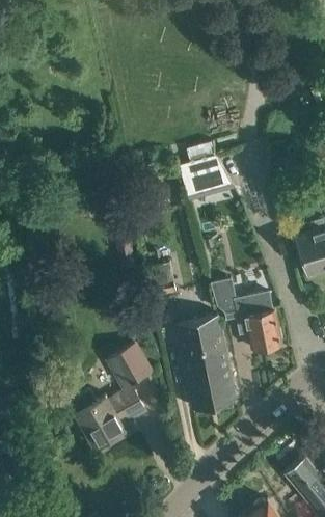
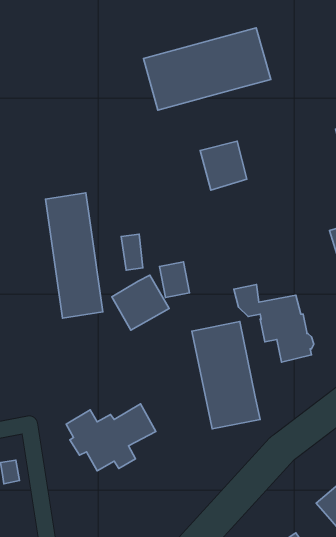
building: none -> [143,28,271,110]
building: none -> [45,193,103,318]
building: [106,342,156,389] -> [112,275,169,330]

